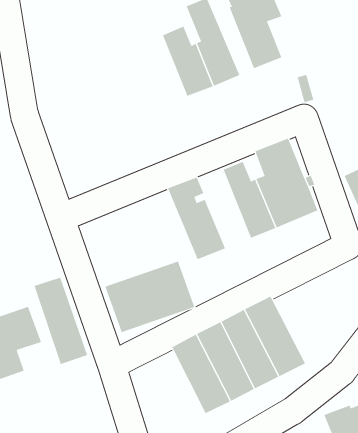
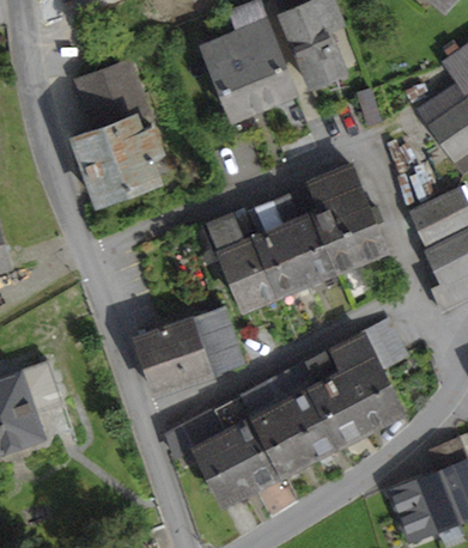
building: none -> [73,63,169,203]
building: none -> [249,203,305,296]
building: none -> [329,324,405,430]
building: [34,277,88,365] -> none
building: none -> [168,410,253,505]

